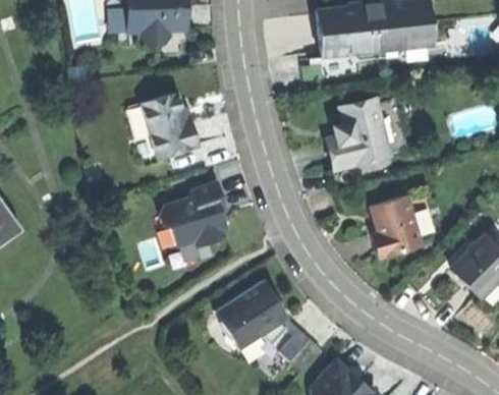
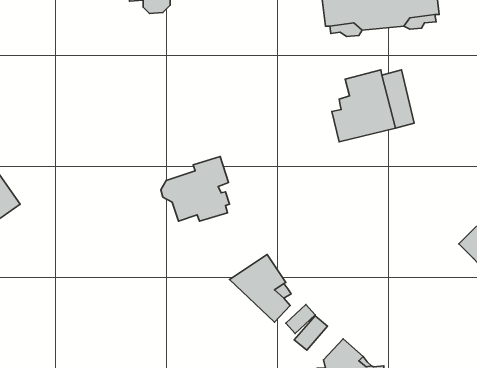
building: [142,92,198,156] -> none
building: [371,194,421,257] -> none
building: [215,301,270,359] -> none

